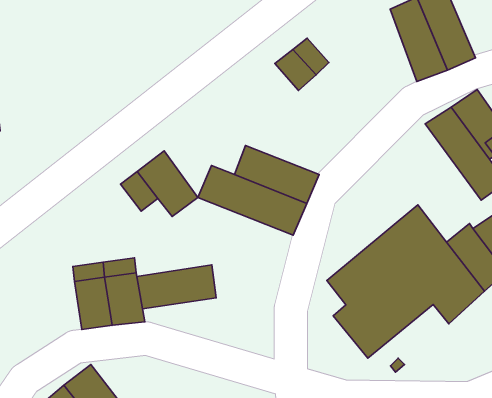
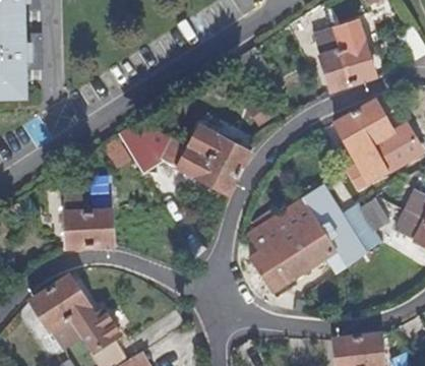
building: [137,265,216,309] -> none

